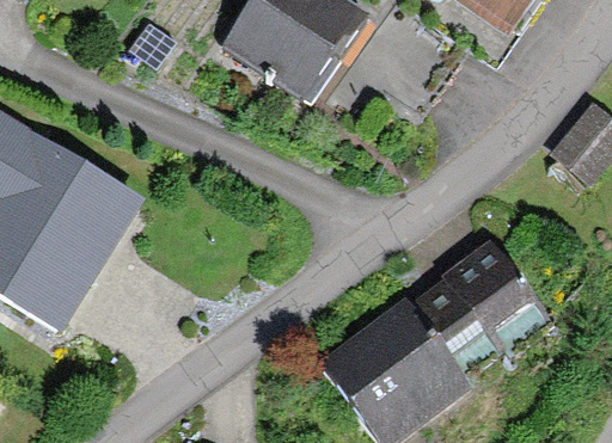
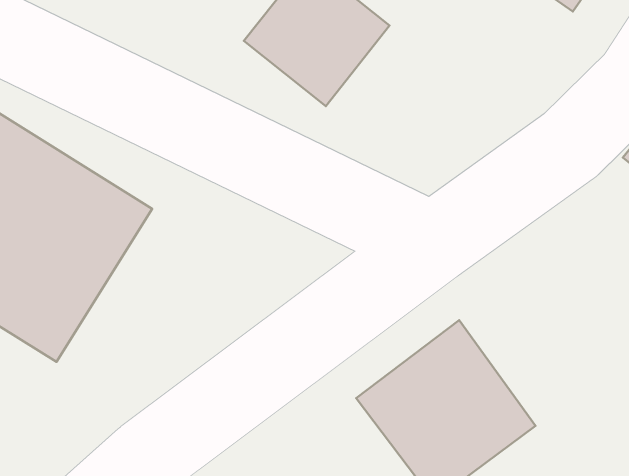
building: [415,245,546,376] -> none

